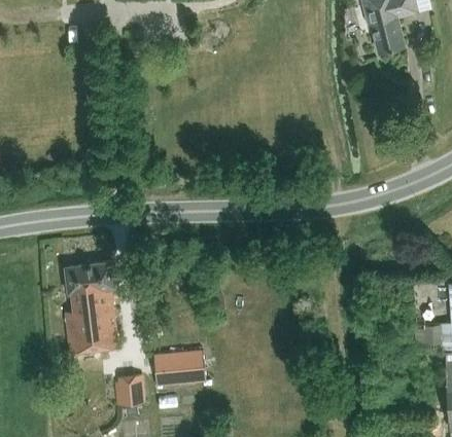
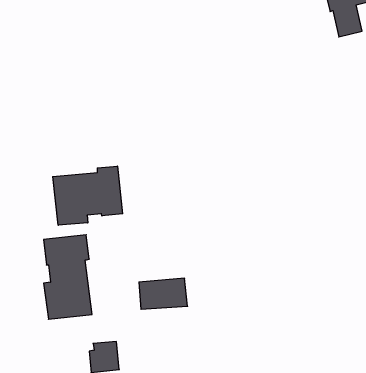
building: none -> [53,166,123,225]
building: [153,352,205,385] -> [139,278,188,309]

